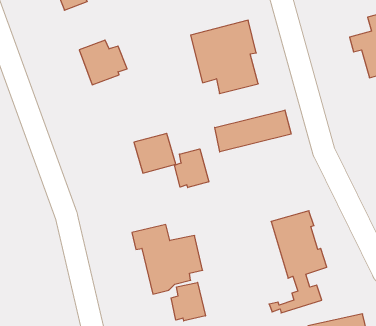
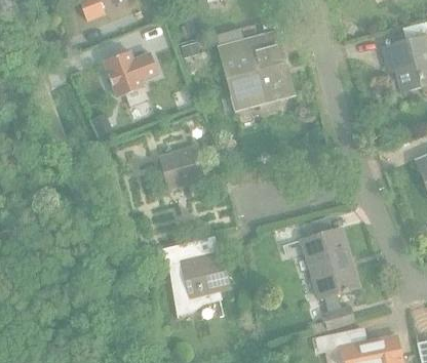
building: [215,110,291,152] -> none
building: [174,149,209,188] -> none
building: [171,282,205,321] -> none

